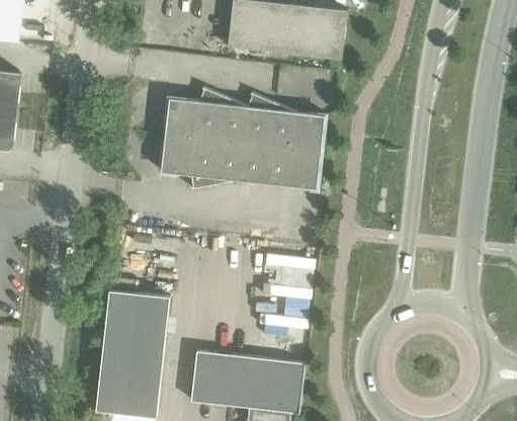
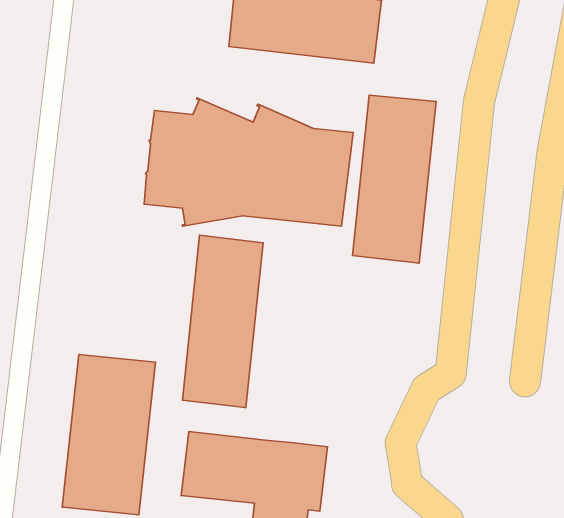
building: none -> [353,95,436,263]
building: none -> [182,235,263,408]

